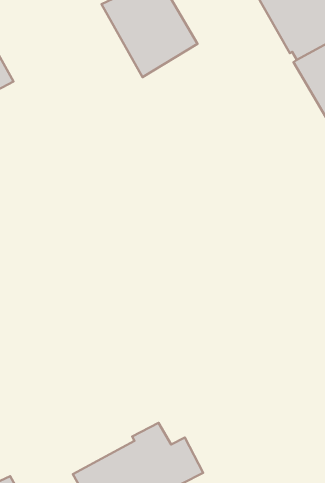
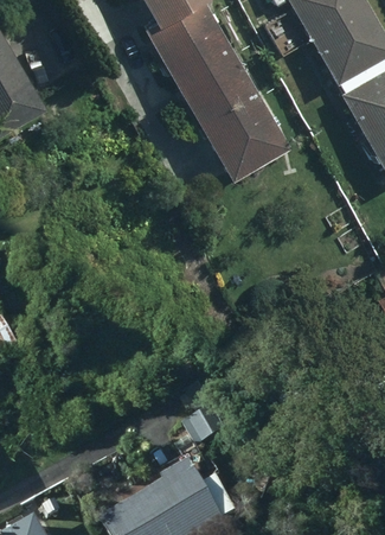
building: none -> [178,68,281,180]

